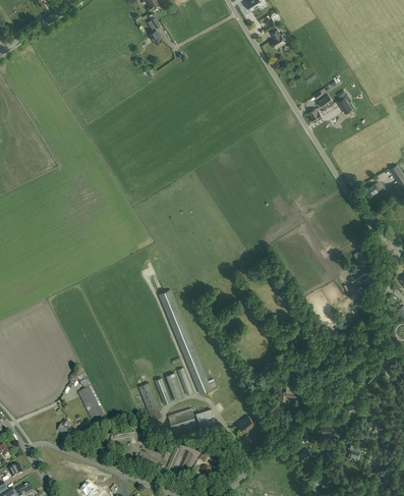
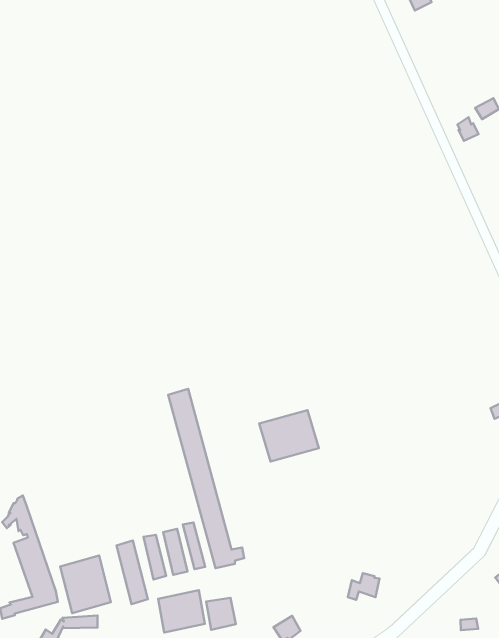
building: none -> [259,410,319,461]
building: none -> [60,555,111,613]

